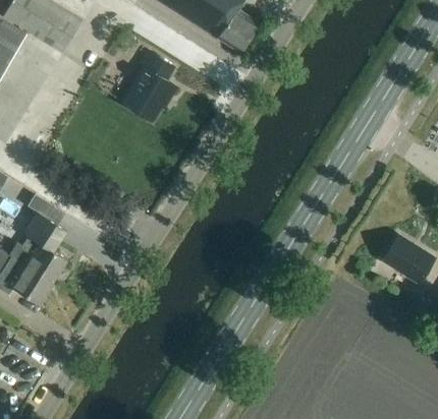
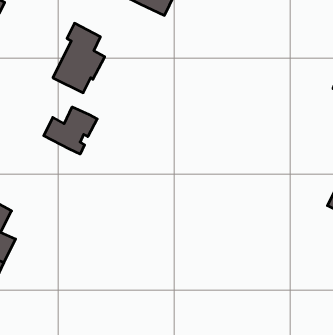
building: none -> [44,107,97,154]

